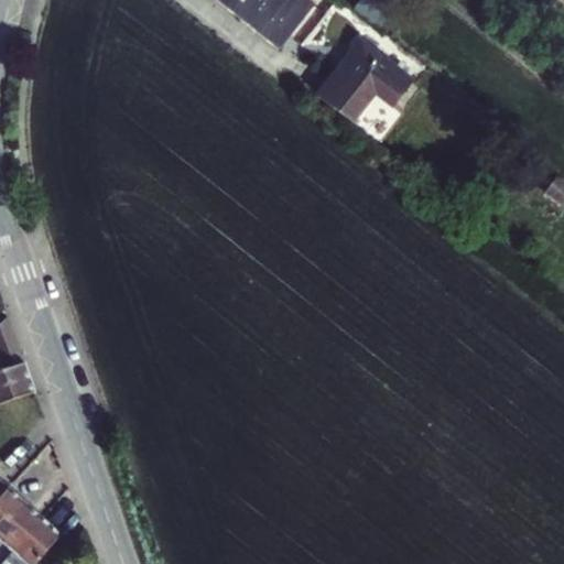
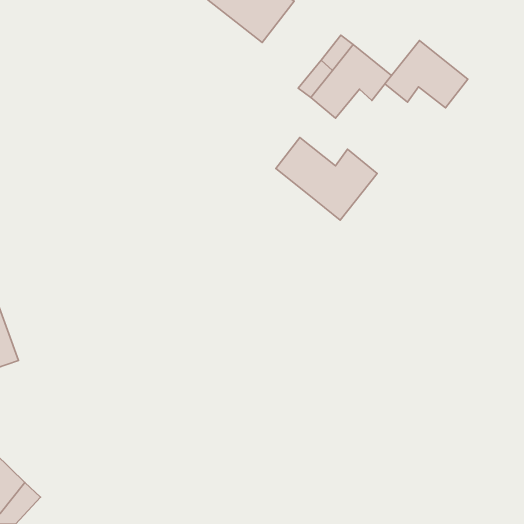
building: none -> [385,40,468,108]
building: none -> [276,138,377,220]

